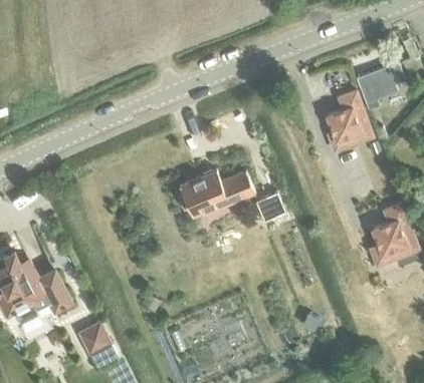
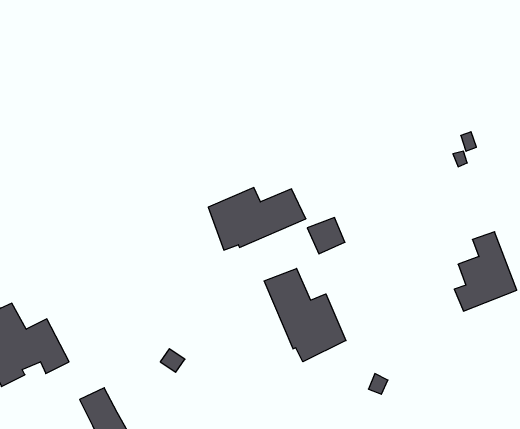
building: [357,62,404,109] -> none
building: [327,90,373,150] -> none
building: none -> [264,268,346,362]

